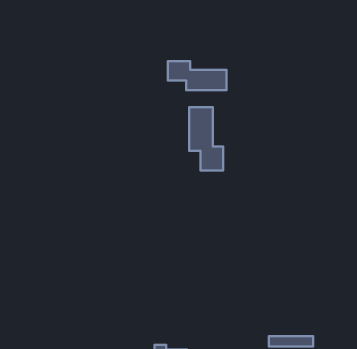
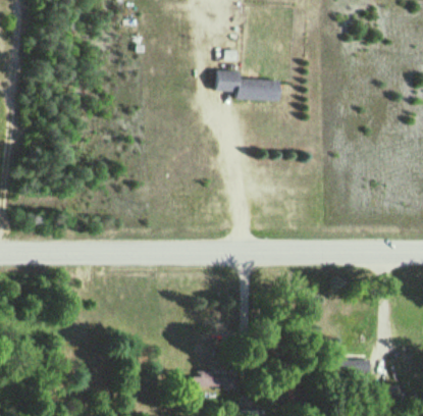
building: [189,107,223,171] -> none

